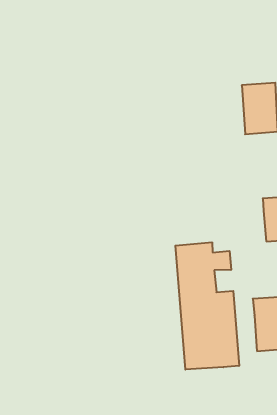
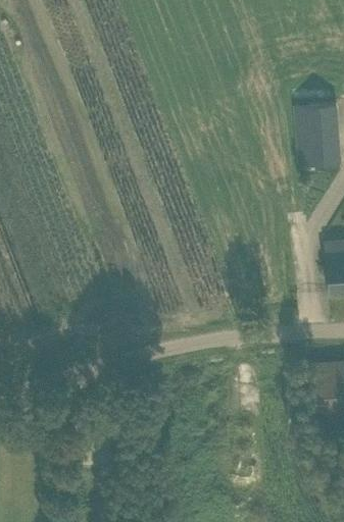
building: [175,242,239,370] -> none

